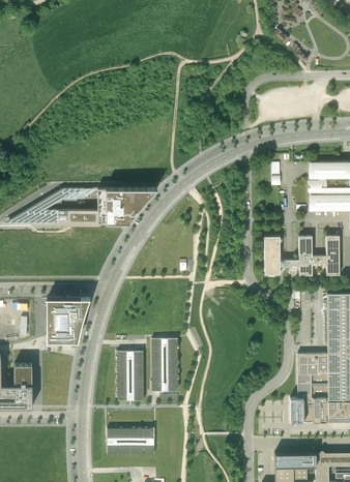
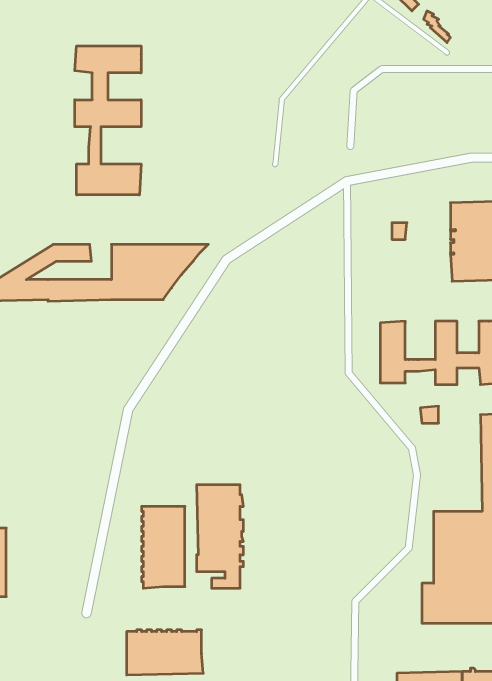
building: none -> [75,46,141,195]
building: [46,298,90,341] -> none

